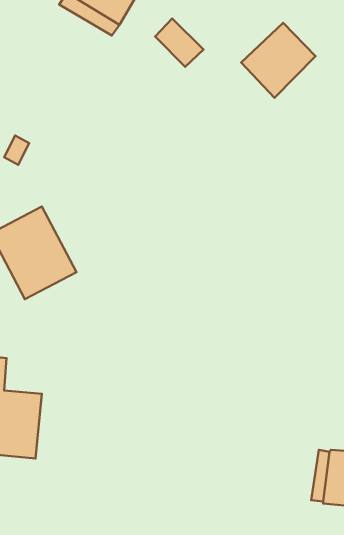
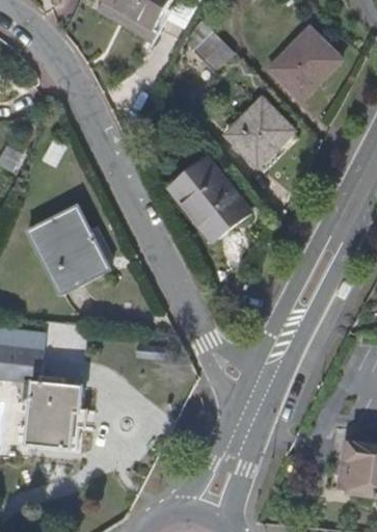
building: none -> [226,97,294,165]
building: none -> [170,157,250,240]

